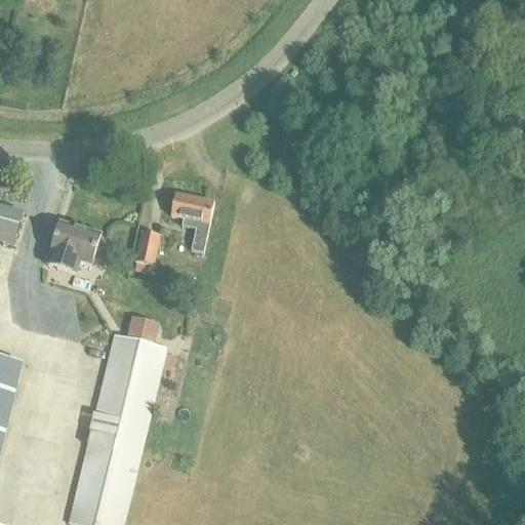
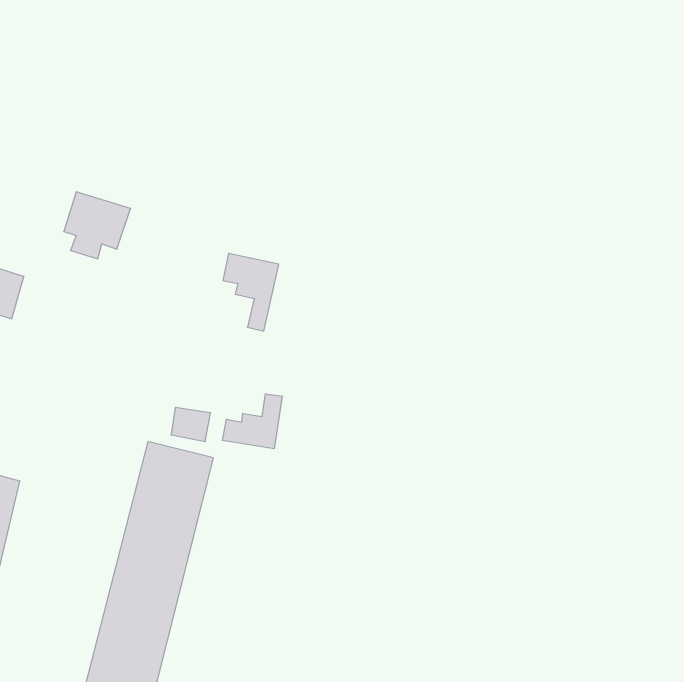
building: [51,220,102,271] -> [64,192,131,259]
building: [136,230,161,264] -> none
building: none -> [223,394,282,449]

